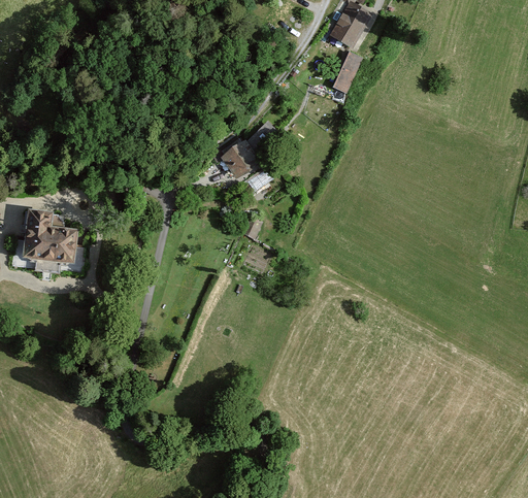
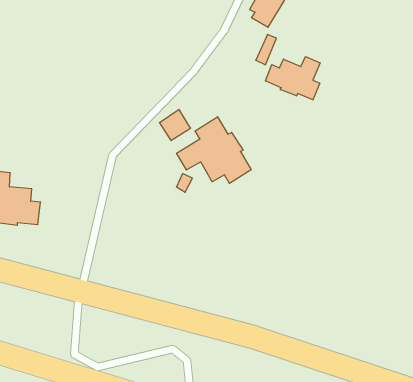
building: none -> [265,57,320,100]
building: none -> [177,117,251,183]

